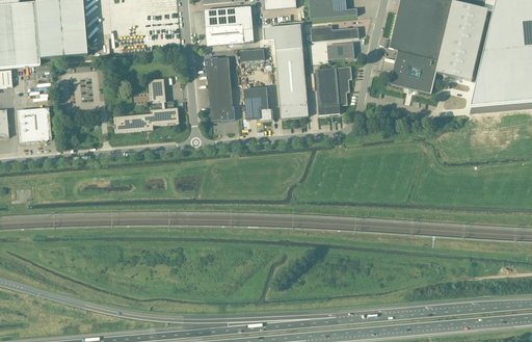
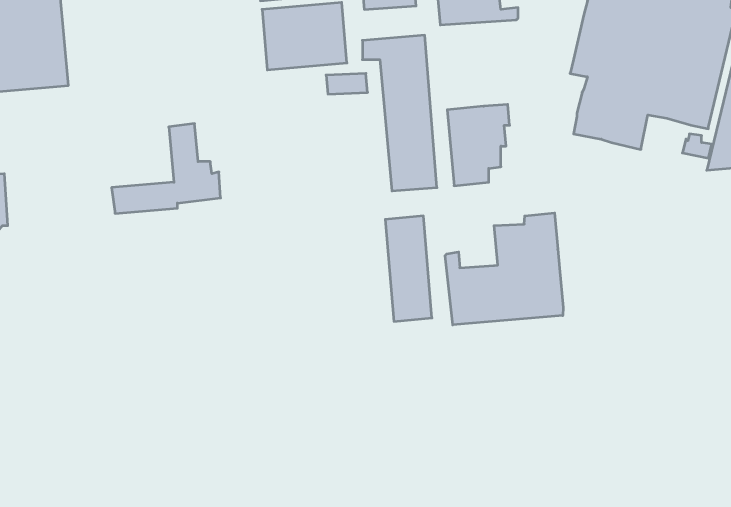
building: [311,26,360,42] -> none
building: [327,43,354,59] -> none
building: [206,57,234,121] -> [385,216,432,321]
building: [243,87,271,122] -> none
building: none -> [445,213,563,325]

